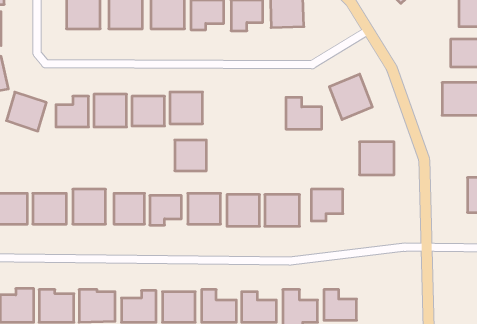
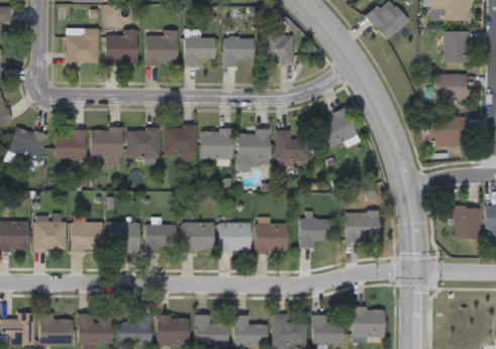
building: none -> [238,129,270,164]
building: [175,140,206,171] -> [202,129,232,158]
building: [359,142,394,175] -> [345,212,379,243]
building: none -> [352,307,384,338]

